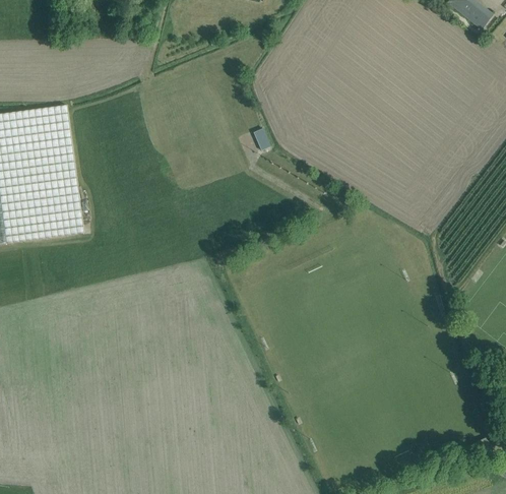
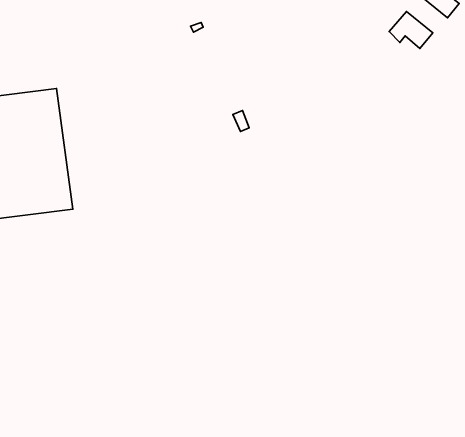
building: none -> [389,11,433,48]

